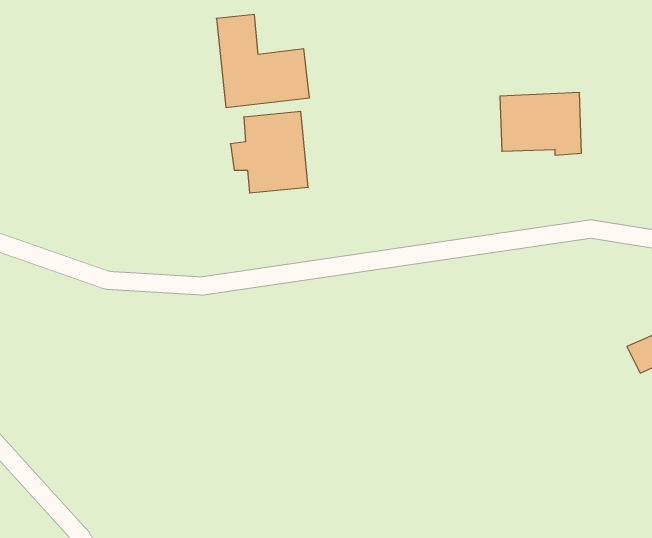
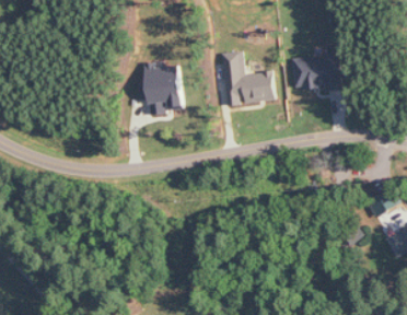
building: [216,15,309,107] -> [220,51,274,105]

